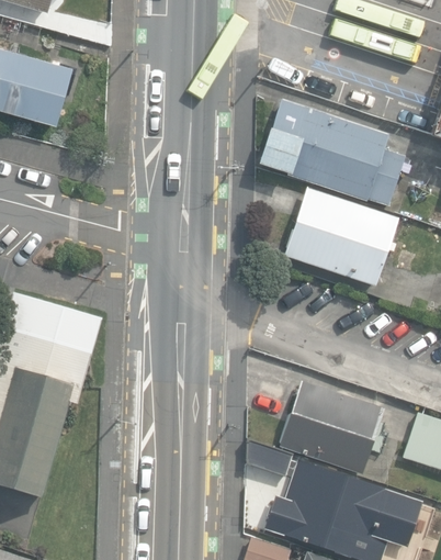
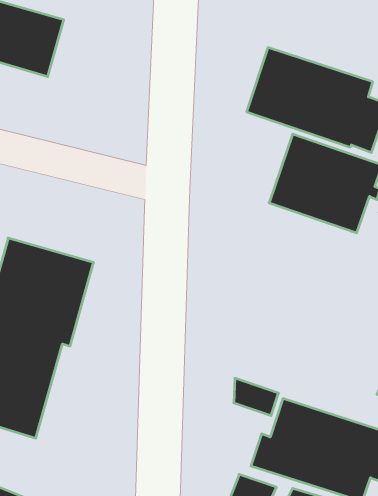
building: [281,379,384,472] -> none

